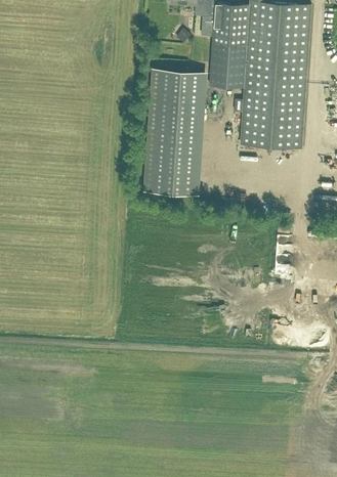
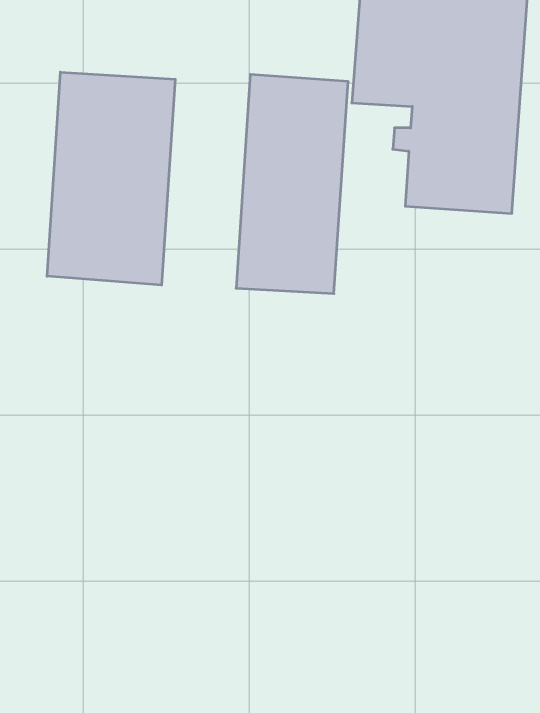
building: none -> [47,72,175,285]

